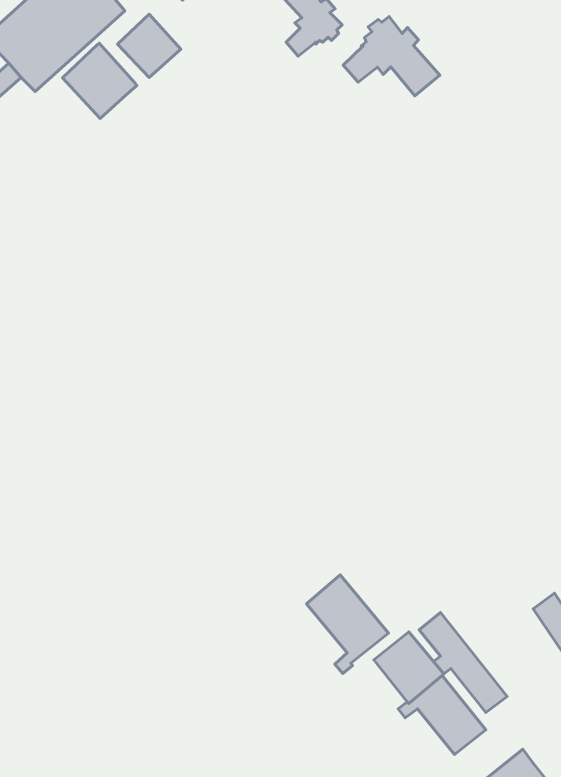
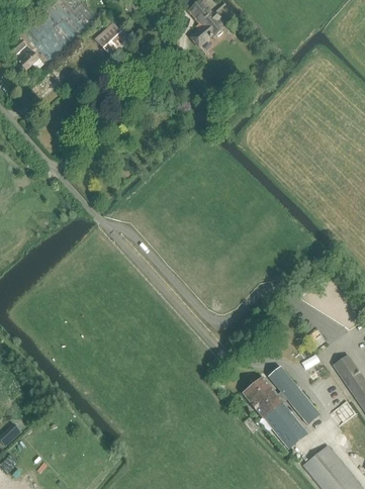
building: [343,17,440,96] -> none
building: [63,43,137,119] -> none
building: [307,575,389,673] -> none

